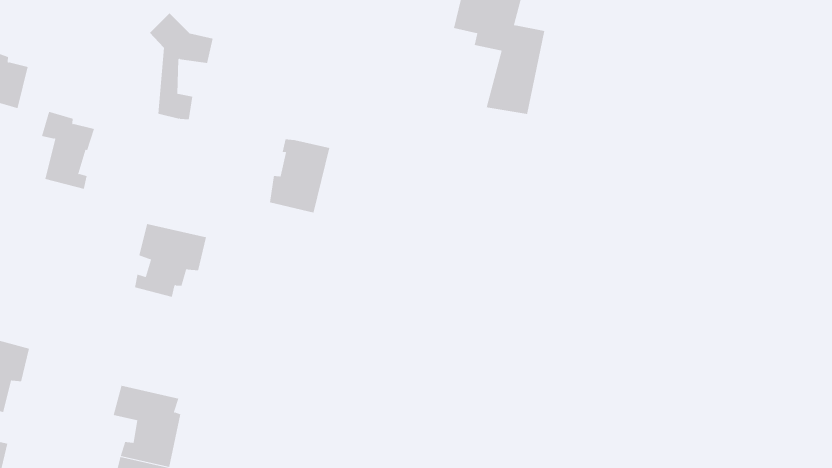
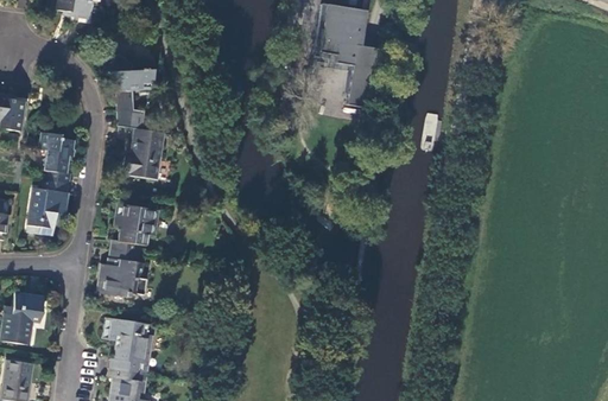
building: [269,139,330,213] -> [125,129,164,179]
building: none -> [26,179,70,235]
building: none -> [97,249,146,297]

